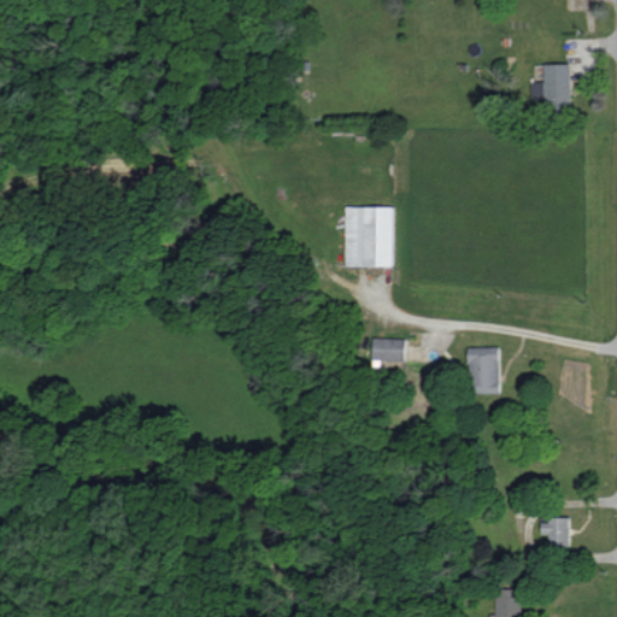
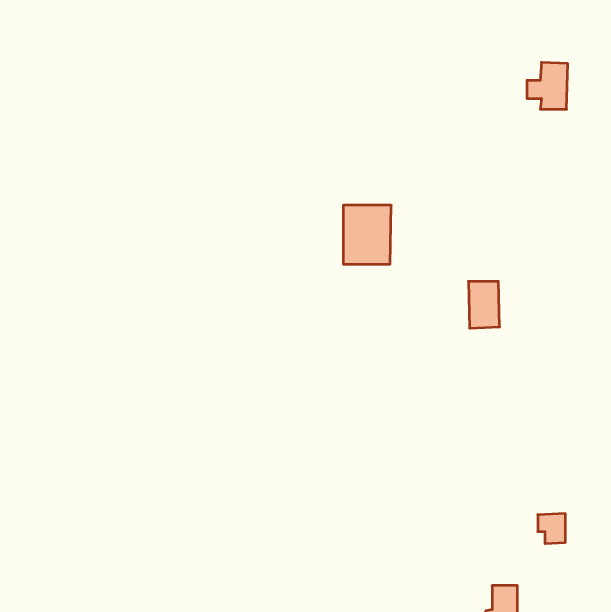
building: [370,337,405,362] -> none
building: [468,347,499,394] -> [468,281,500,328]

